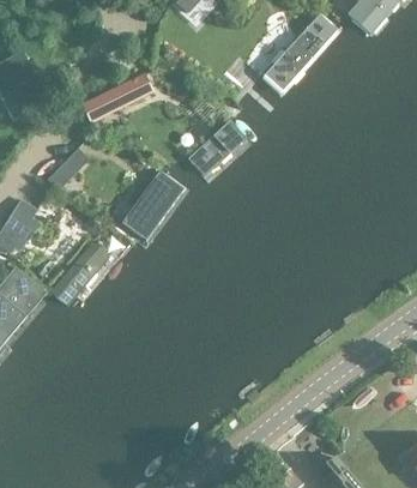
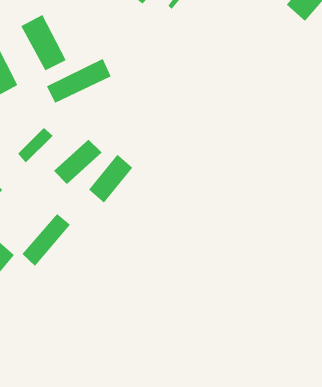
building: [264,14,337,91] -> none
building: none -> [20,14,66,71]
building: [188,122,243,174] -> [53,139,102,185]

